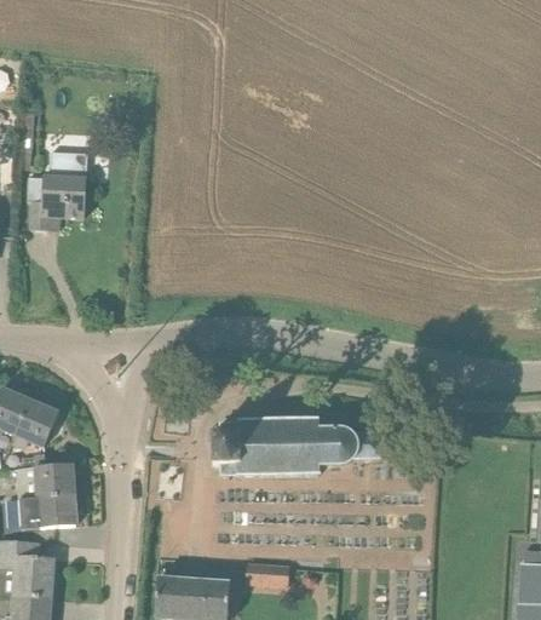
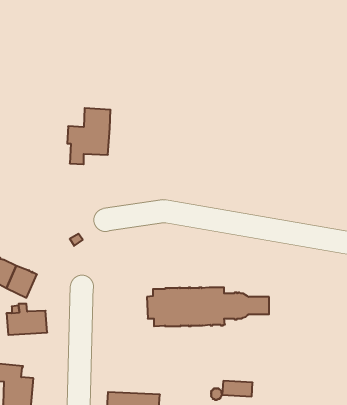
building: [27,150,87,229] -> [67,108,111,164]
building: [18,493,75,527] -> none
building: [246,561,288,582] -> [222,381,253,396]

